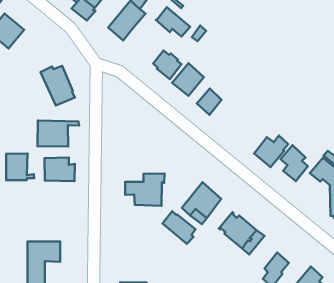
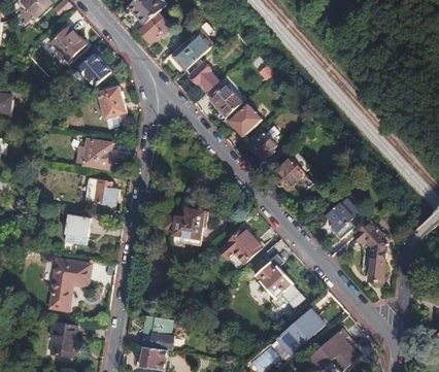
building: [156,7,190,36] -> [184,59,218,91]
building: none -> [78,54,111,87]
building: [254,135,288,167] -> [275,158,311,189]
building: [6,154,34,180] -> [65,213,94,243]
building: [162,211,196,244] -> none

